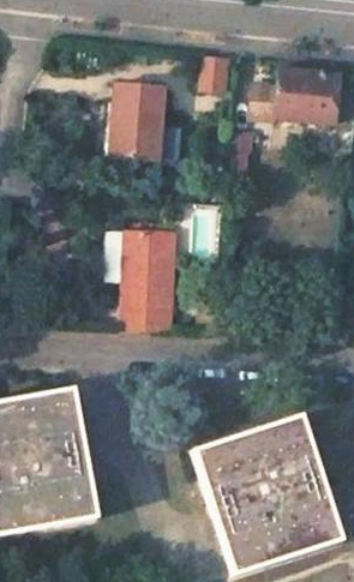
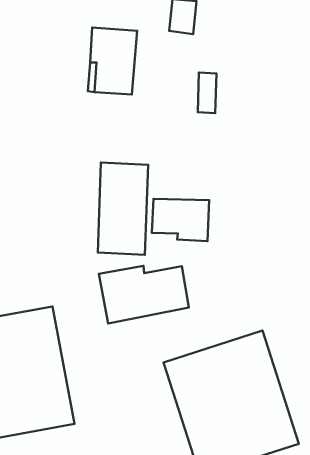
building: [251,68,338,121] -> none
building: none -> [152,199,209,241]
building: none -> [99,266,189,323]

